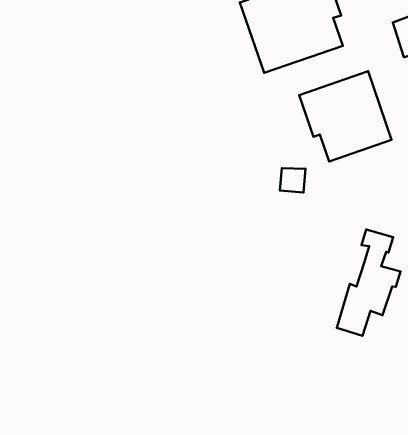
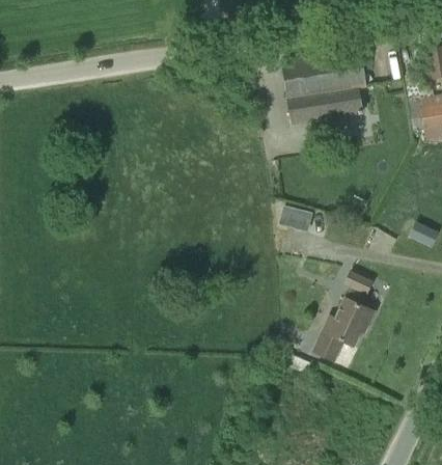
building: [299,71,392,161] -> none

